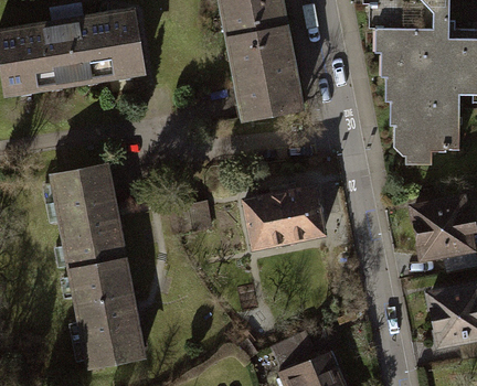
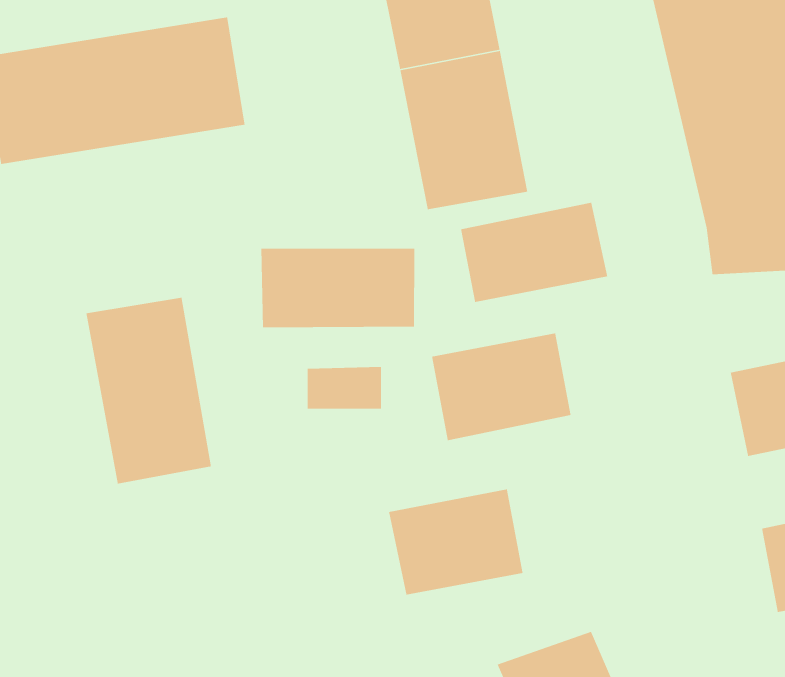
building: none -> [460,202,608,303]
building: none -> [260,248,415,328]
building: [68,261,139,366] -> none
building: none -> [388,489,524,596]

